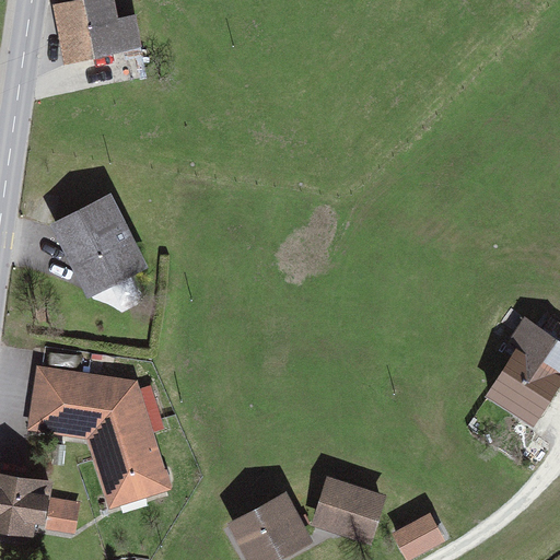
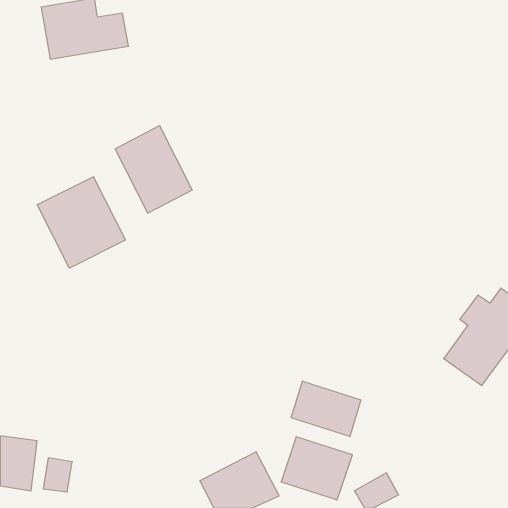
building: none -> [115,126,192,213]
building: [30,369,174,510] -> none
building: none -> [291,381,361,437]

